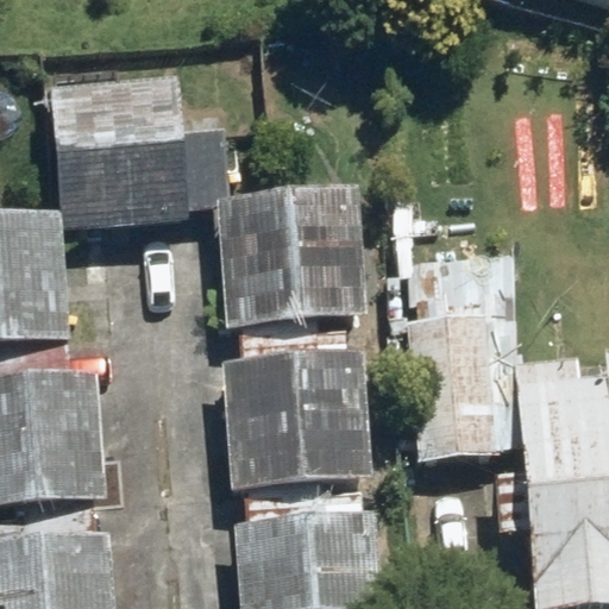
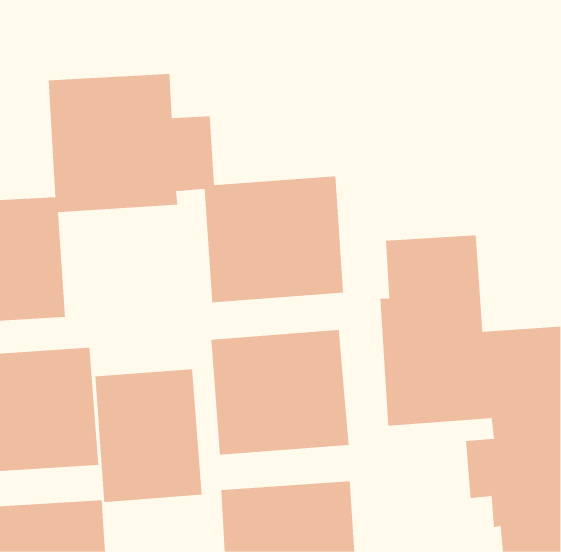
building: none -> [95,369,202,503]

